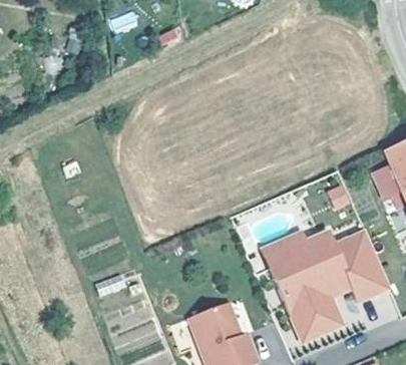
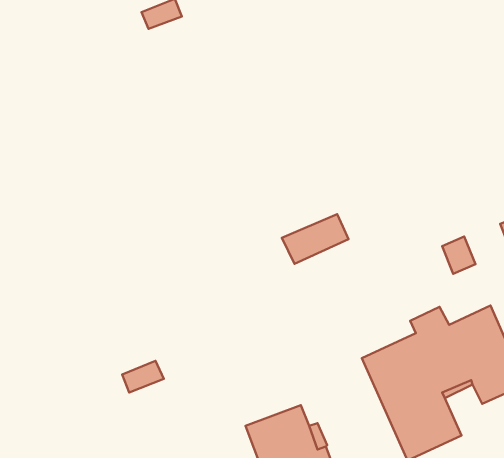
building: [264,233,312,269] -> [282,214,348,264]

